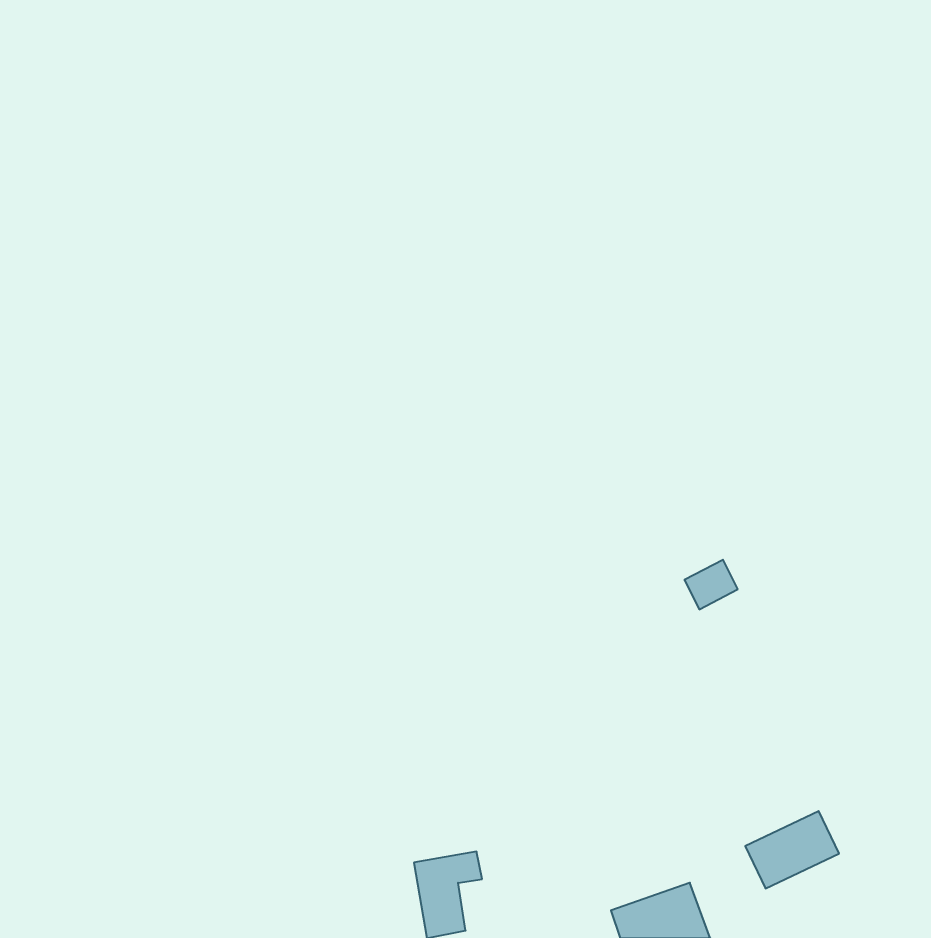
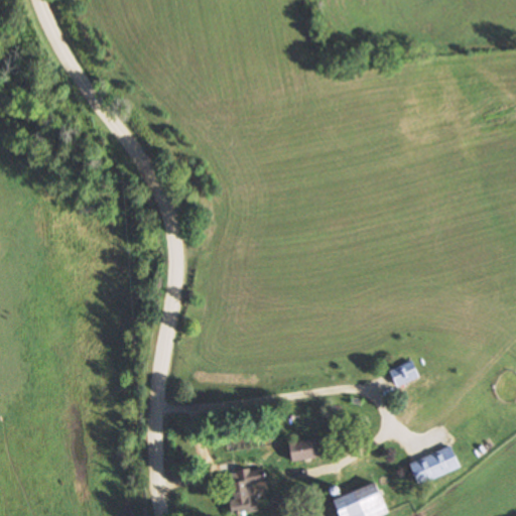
building: [684,560,738,609] -> [388,360,417,387]
building: none -> [288,438,320,462]

